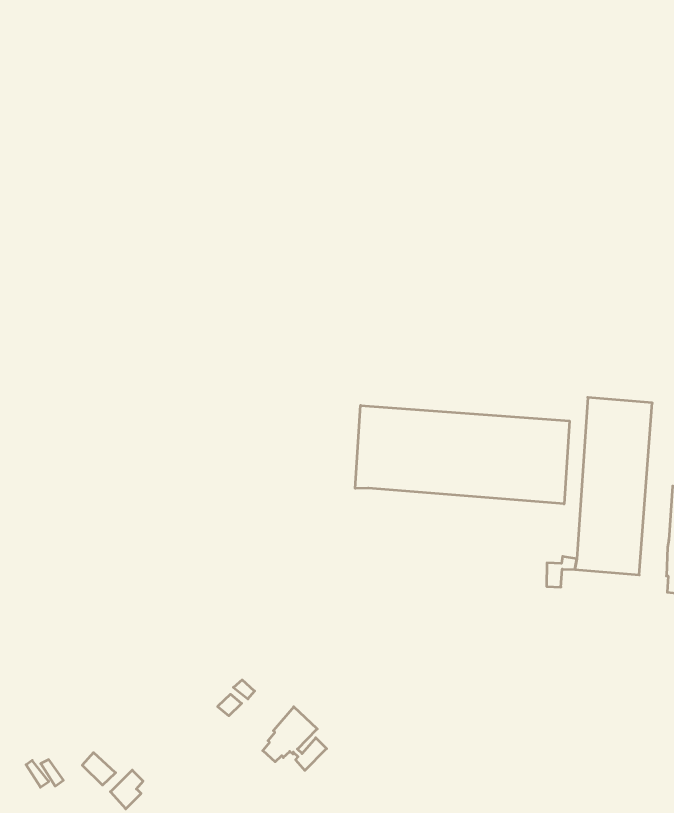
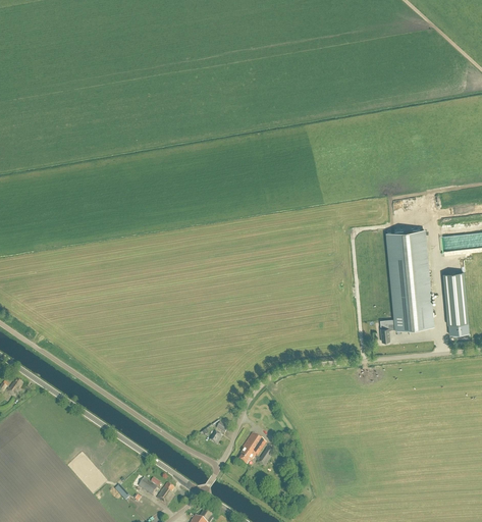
building: [355,405,569,504] -> none

